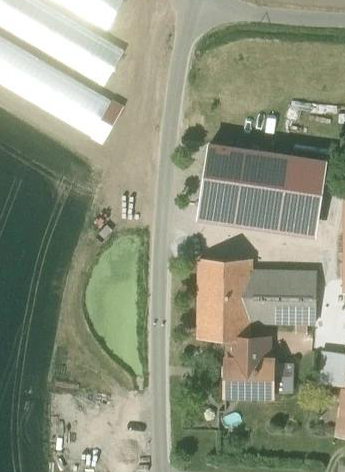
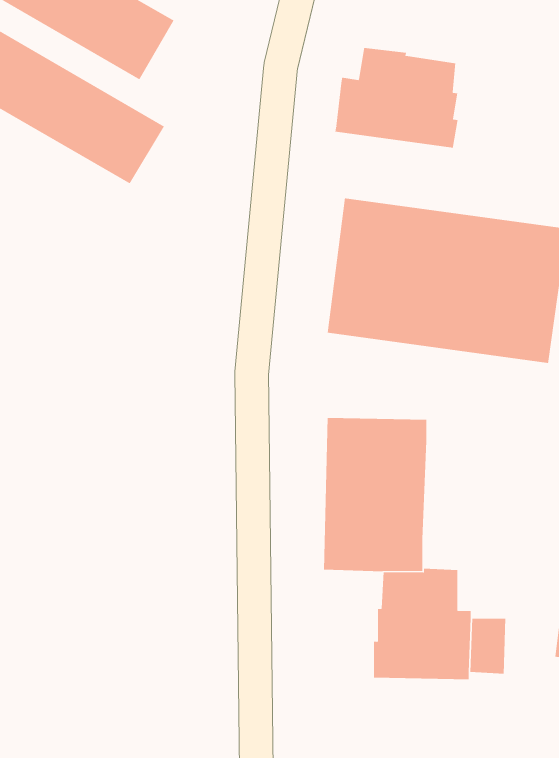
building: none -> [335,47,458,149]
building: [250,272,316,324] -> none

